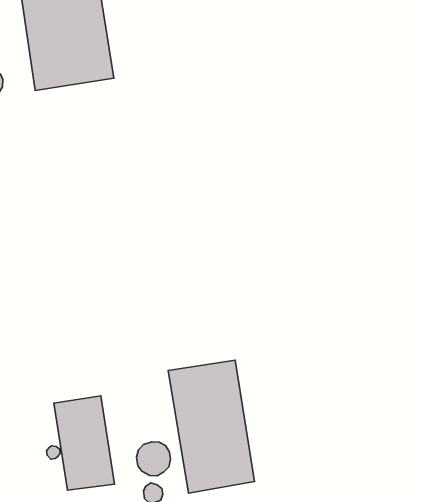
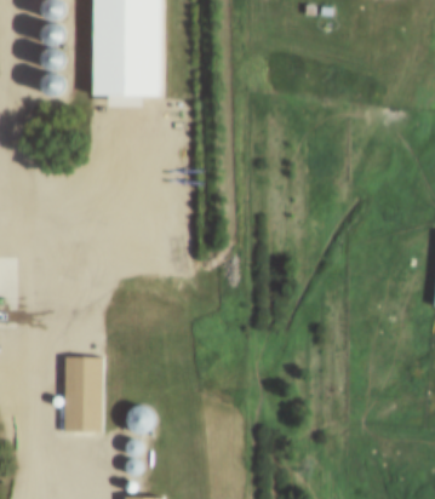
building: [168,360,254,493] -> none

